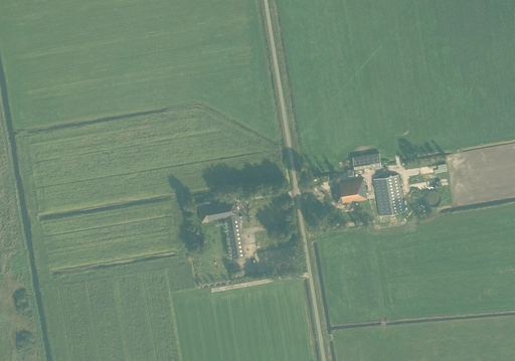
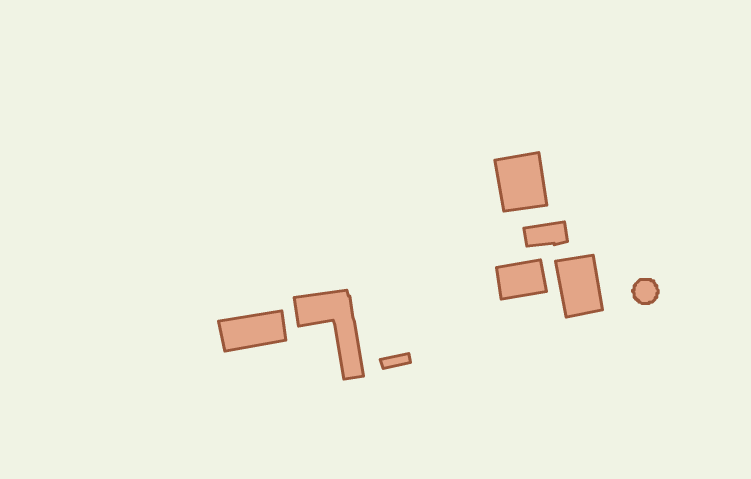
building: none -> [495,152,547,211]
building: none -> [219,311,286,351]

